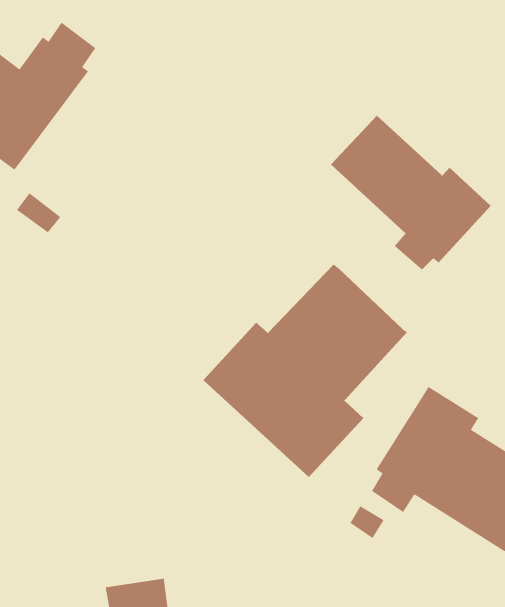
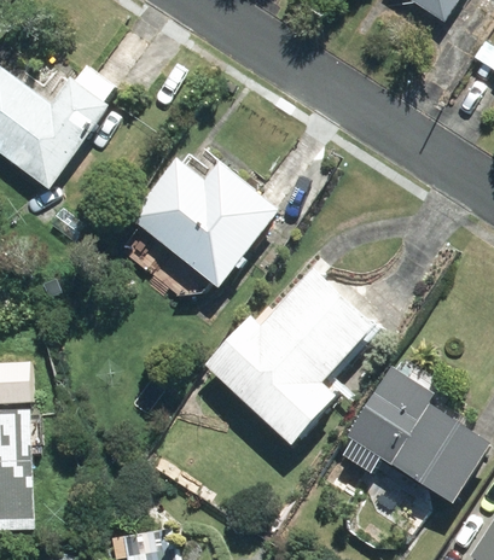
building: [330,115,492,271] -> none
building: none -> [129,158,280,287]

